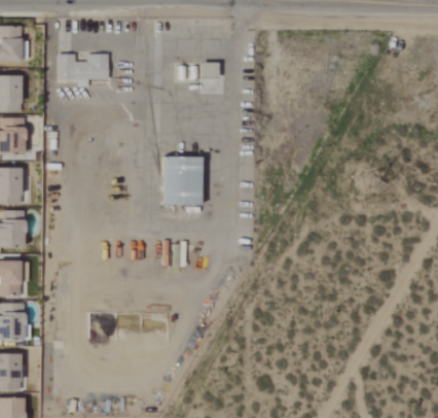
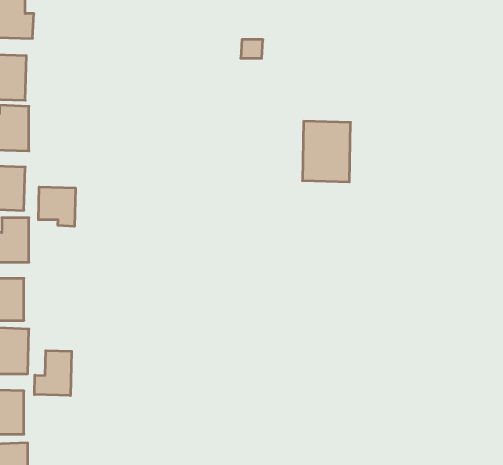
building: [59,53,110,85] -> none
building: [162,155,203,206] -> [302,121,351,182]
building: none -> [38,187,75,226]
building: none -> [34,351,72,396]

